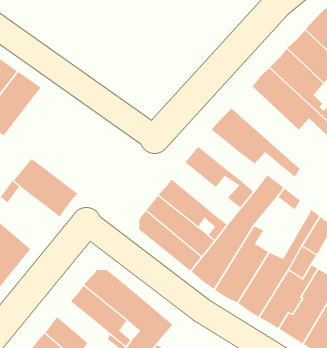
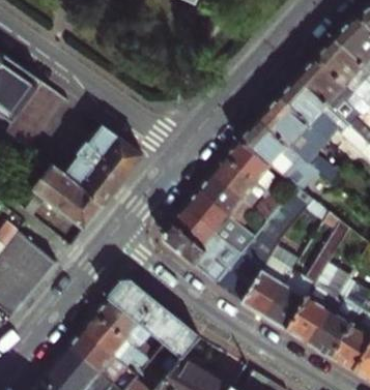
building: none -> [258,97,336,181]
building: none -> [63,126,142,206]
building: none -> [224,141,269,183]
building: none -> [197,174,253,224]
building: none -> [81,314,126,357]

